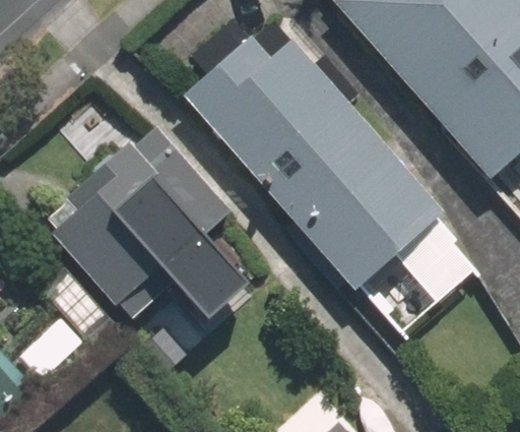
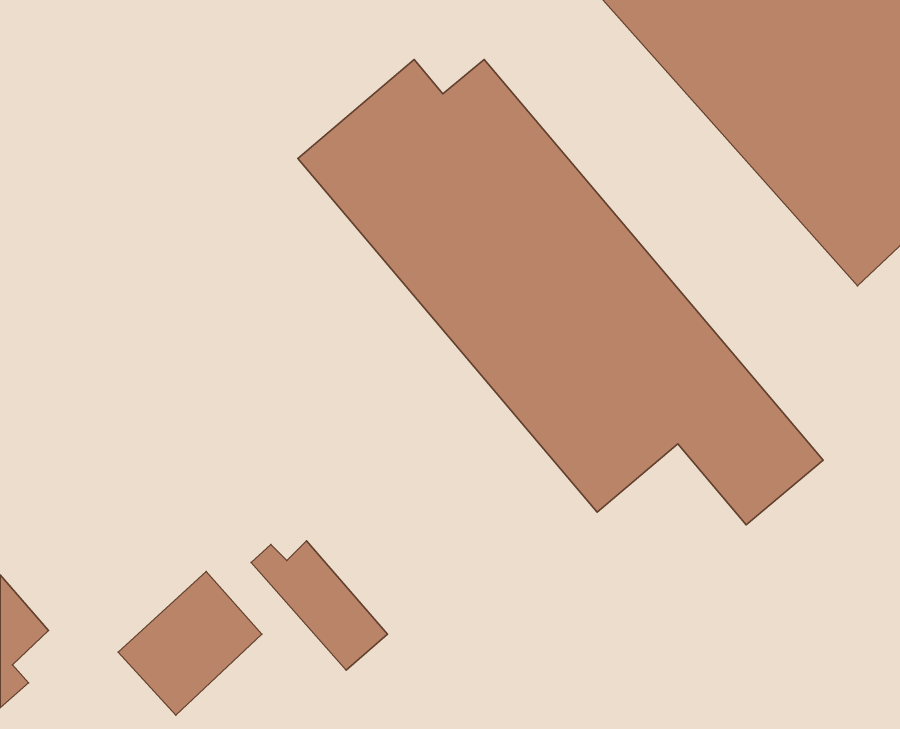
building: [55,128,232,302] -> none

